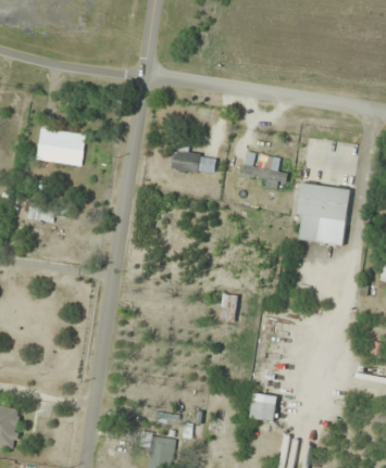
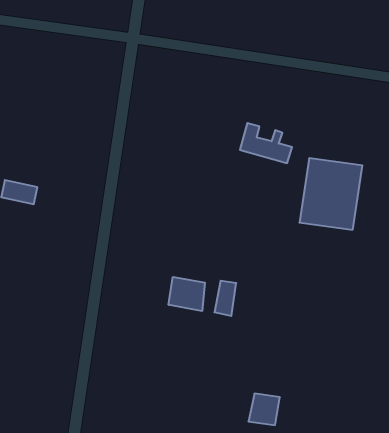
building: [38,116,85,165] -> none
building: [171,144,216,176] -> none
building: none -> [169,277,205,311]

